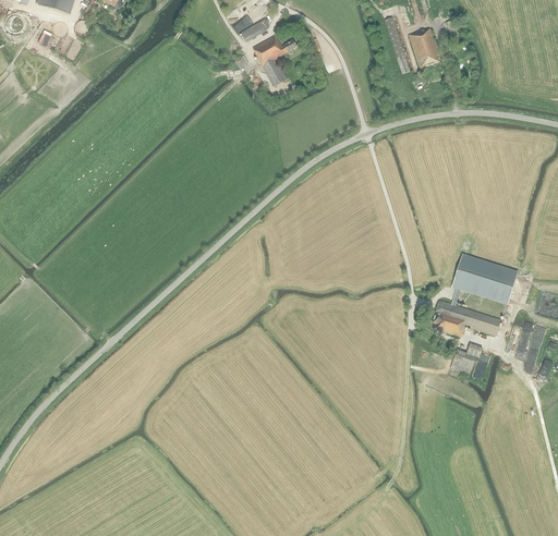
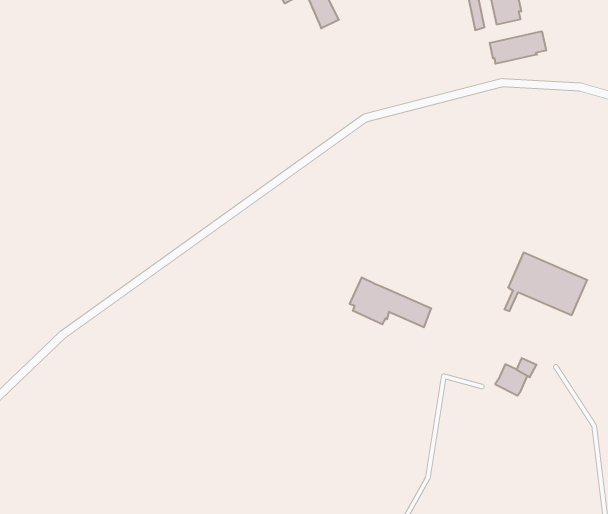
building: none -> [490,31,546,64]
building: [432,299,500,336] -> [350,278,431,327]

